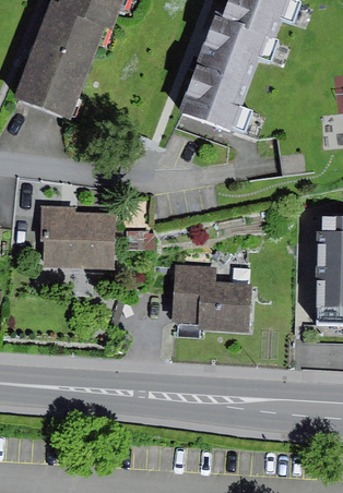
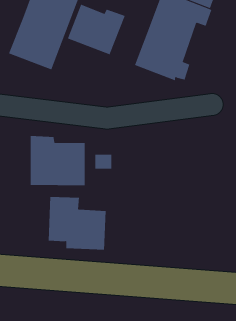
building: none -> [67,4,126,55]
building: [174,264,250,334] -> [48,197,107,250]

